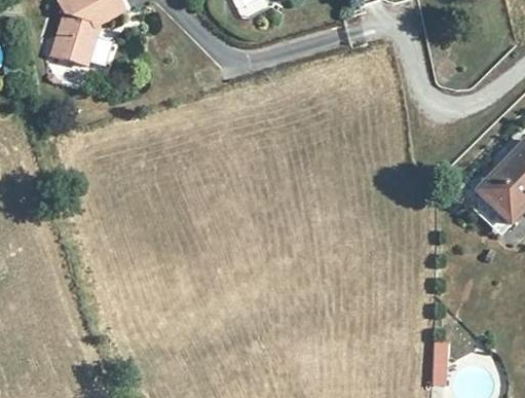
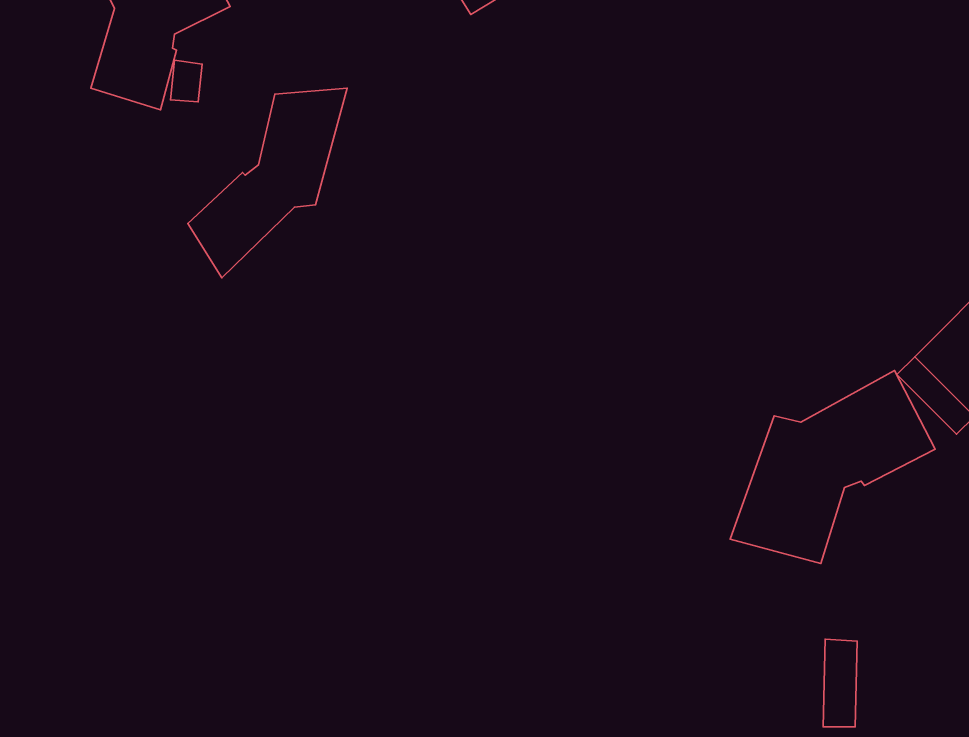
building: none -> [188,88,347,278]
building: none -> [730,370,935,563]

